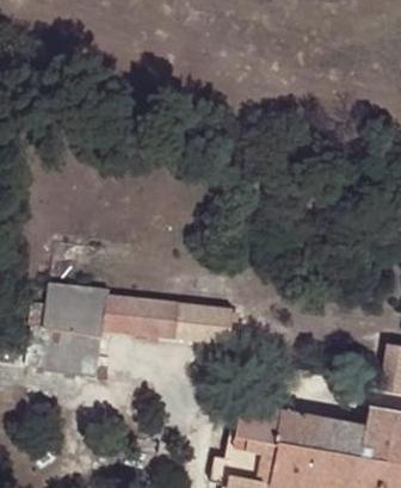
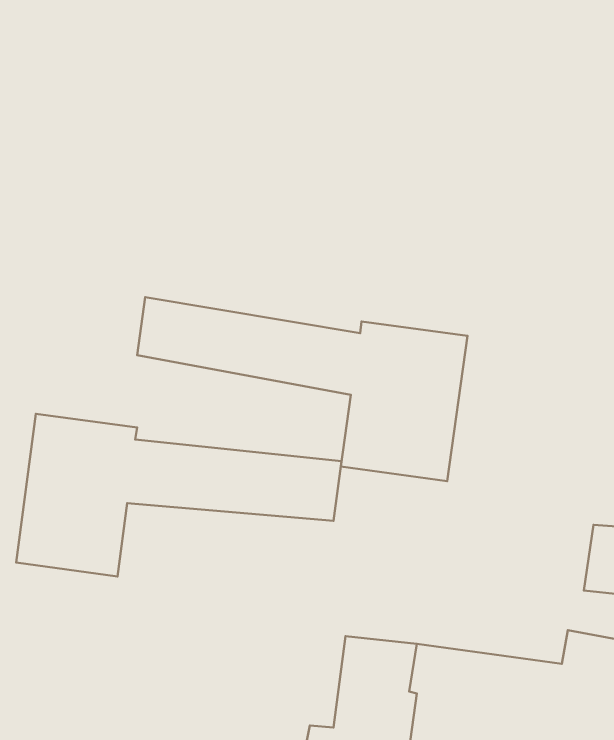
building: none -> [137,297,468,481]

